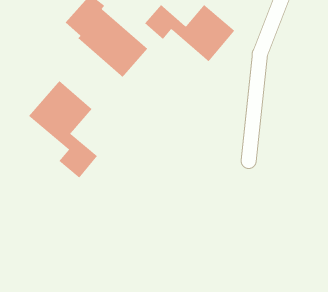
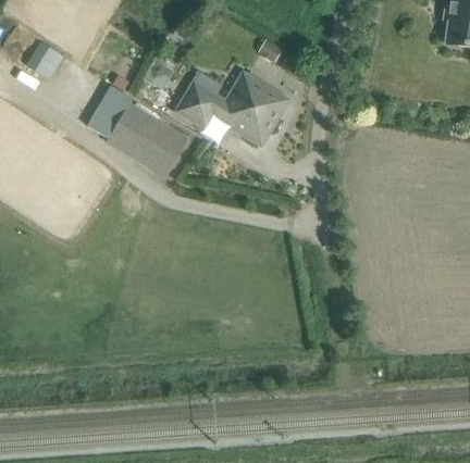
building: [28,80,98,178] -> none

